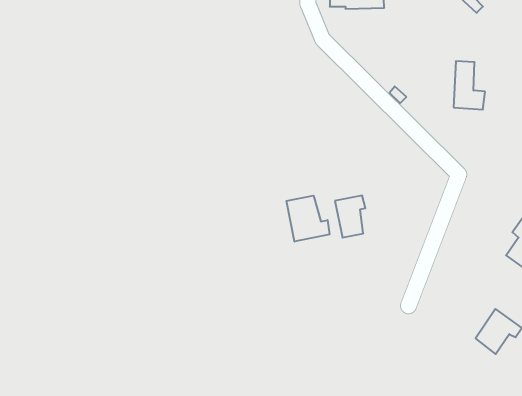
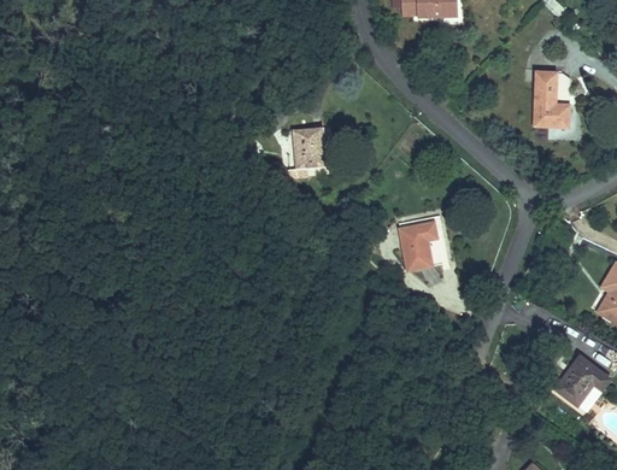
building: none -> [283,130,321,183]
building: [286,196,330,242] -> none

